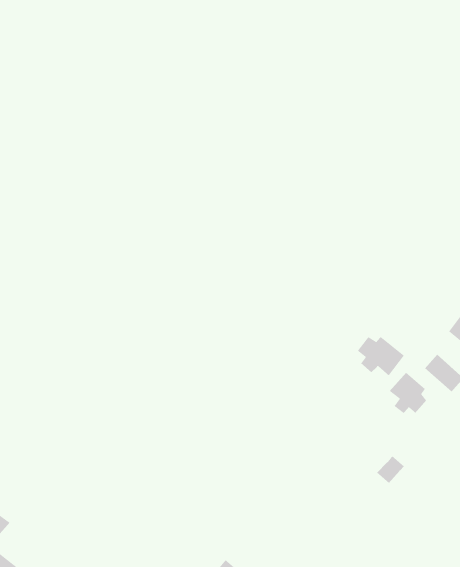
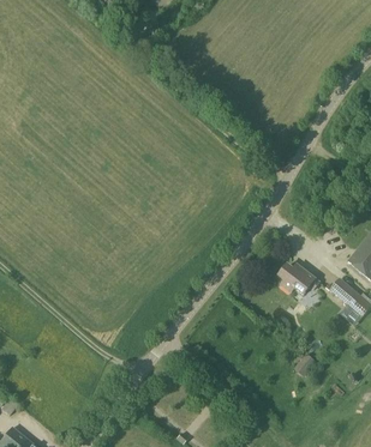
building: [389,372,427,414] -> none

